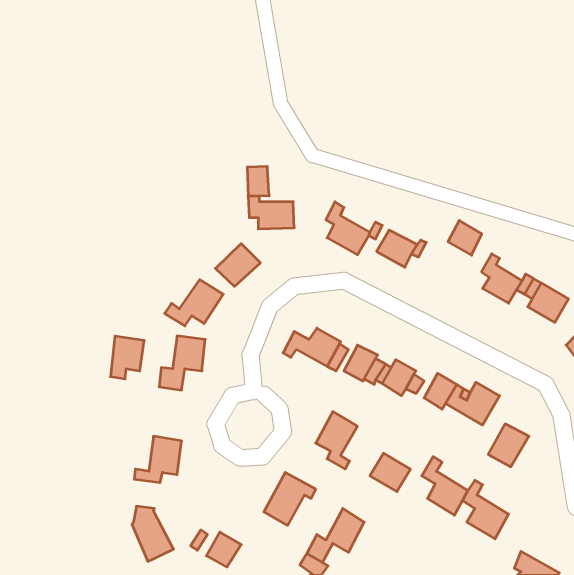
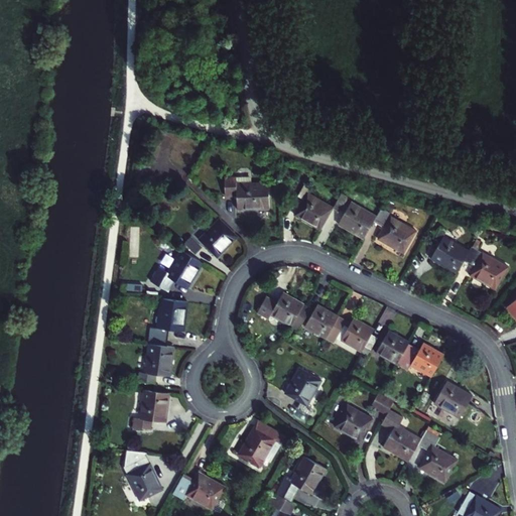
building: [247,166,269,196] -> none
building: [448,220,482,255] -> [380,221,410,252]
building: [110,336,144,379] -> [140,346,170,384]

